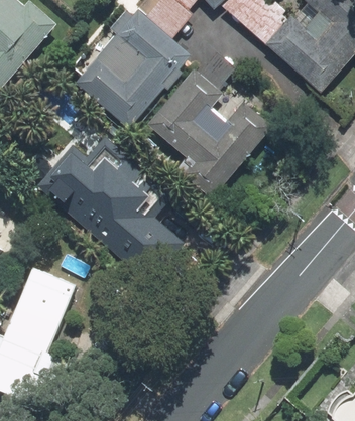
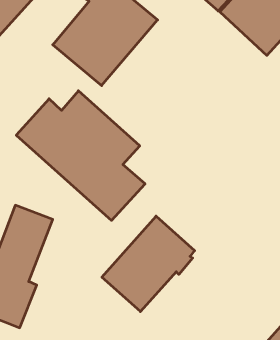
building: [147,49,274,194] -> none
building: none -> [102,216,195,312]

